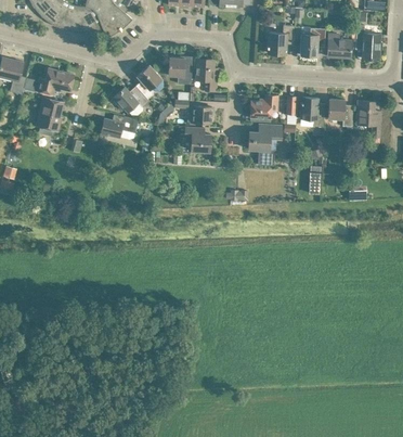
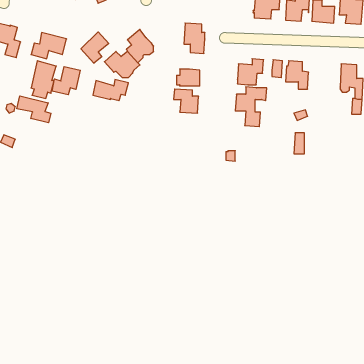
building: [168,55,192,82] -> none
building: none -> [81,32,109,63]
building: [327,97,352,125] -> none
building: none -> [52,67,80,95]
building: none -> [17,96,51,123]

